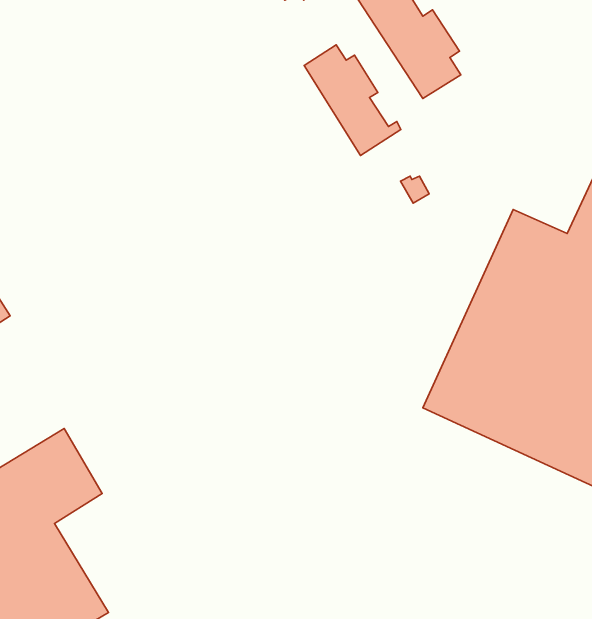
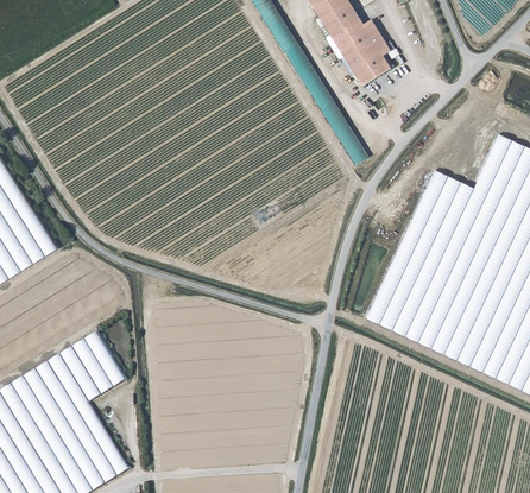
building: [304,45,401,155] -> none

